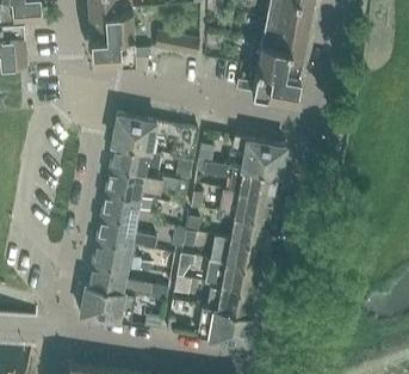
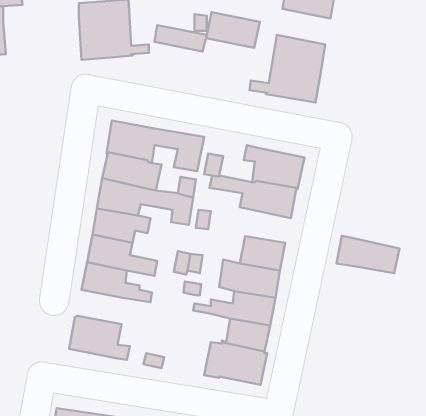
building: [261,19,308,50] -> [206,12,260,48]
building: [218,190,273,222] -> [336,236,400,273]
building: [88,263,168,300] -> none

